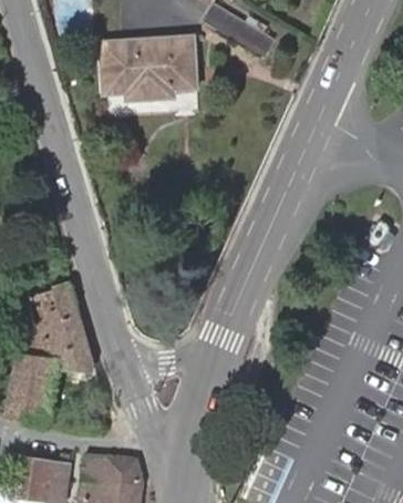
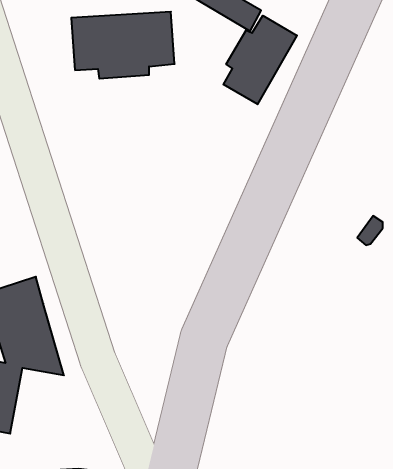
building: none -> [223,16,297,104]

